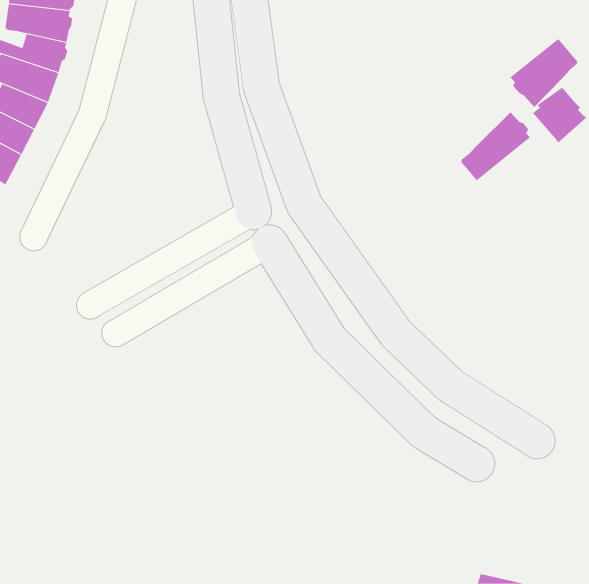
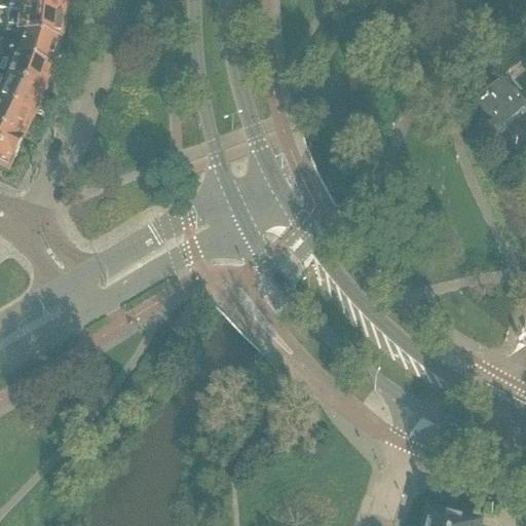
building: [509,38,578,108] -> none
building: [460,112,531,181] -> none

